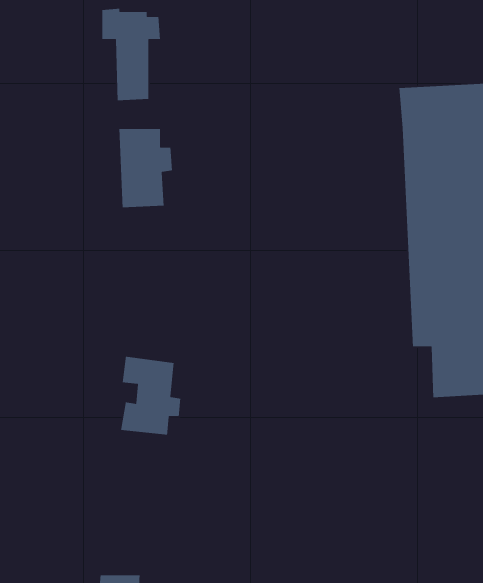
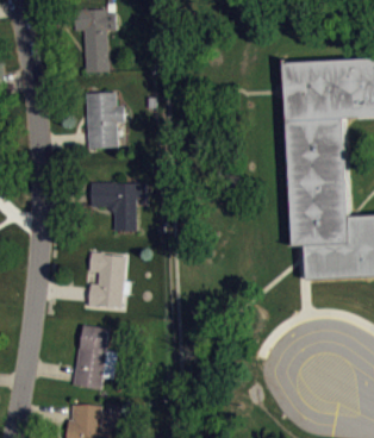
building: none -> [91,182,147,231]
building: none -> [71,324,108,389]

